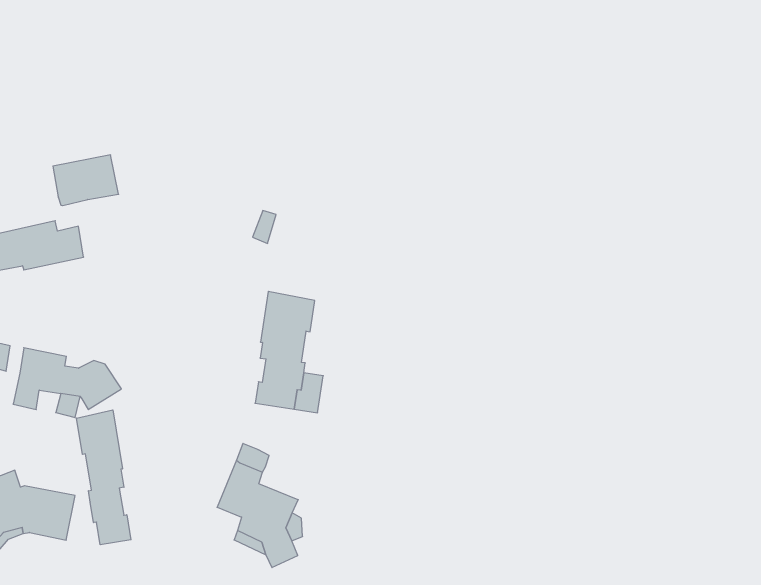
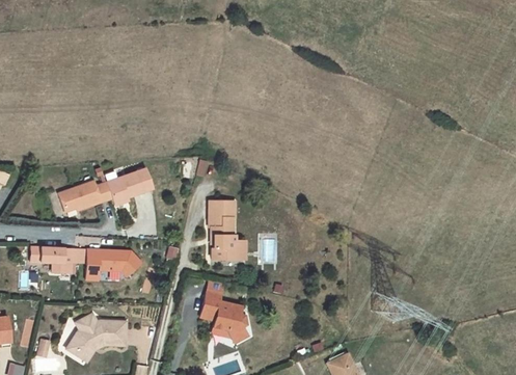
building: [53,155,119,206] -> [106,170,142,200]
building: [76,410,131,545] -> none

